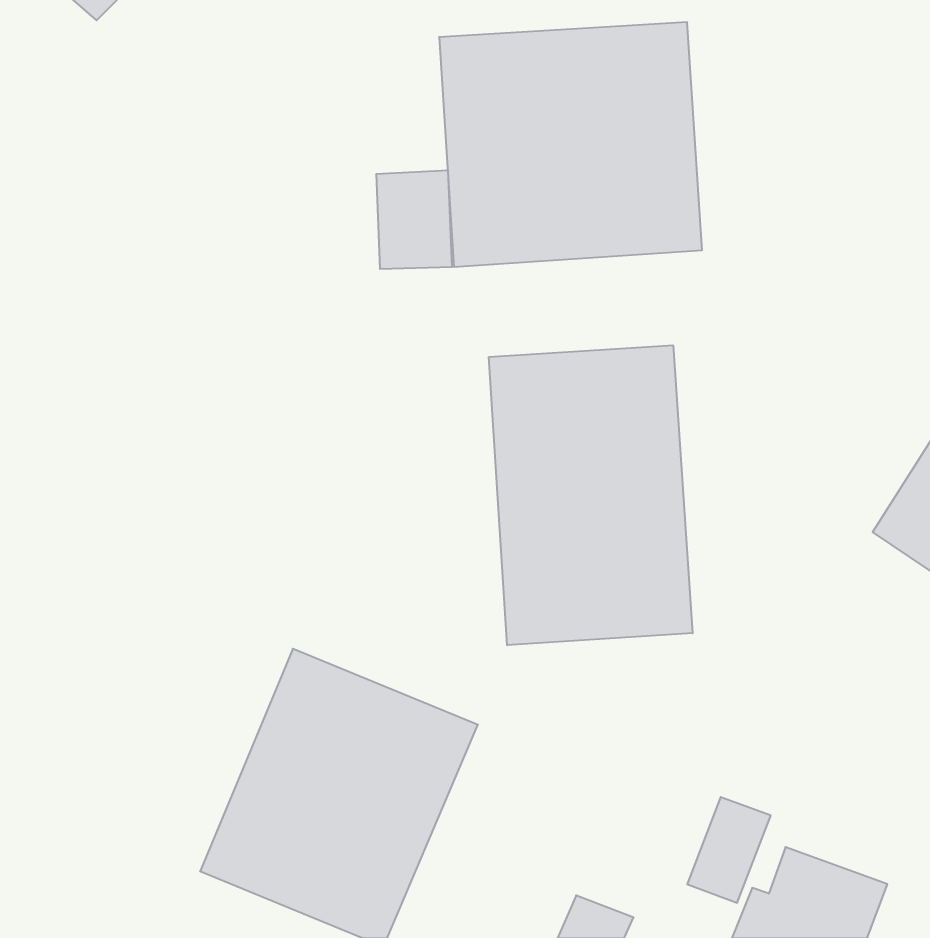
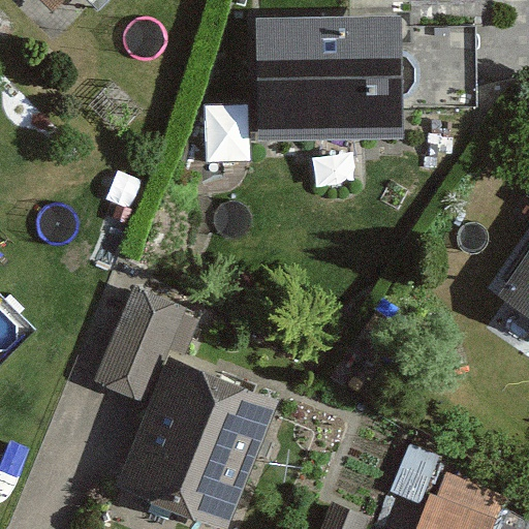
building: [489,345,693,645] -> none
building: none -> [97,286,181,402]

